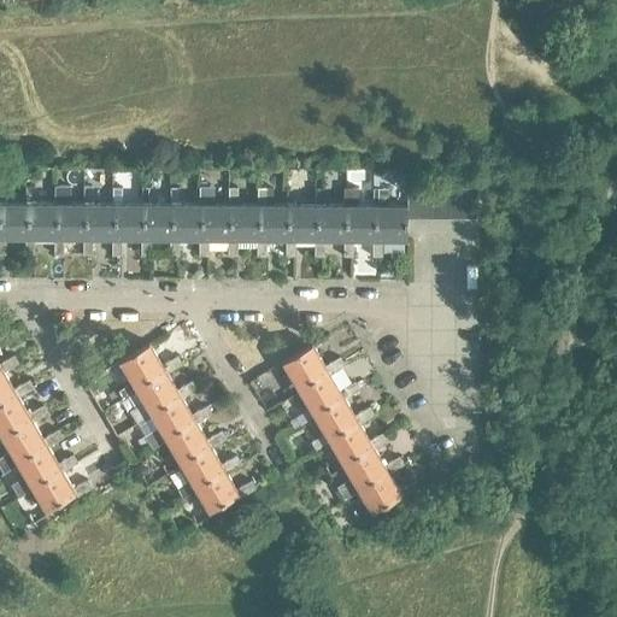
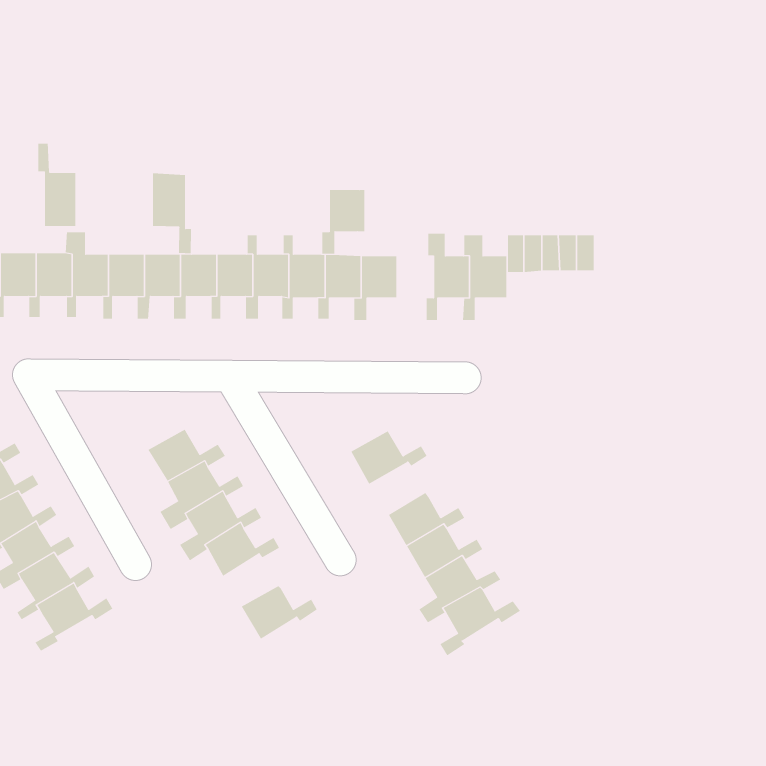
building: none -> [38,143,76,227]
building: none -> [153,172,192,254]
building: [312,207,347,259] -> [322,190,365,254]
building: [295,372,358,415] -> none
building: [178,446,240,488] -> none

